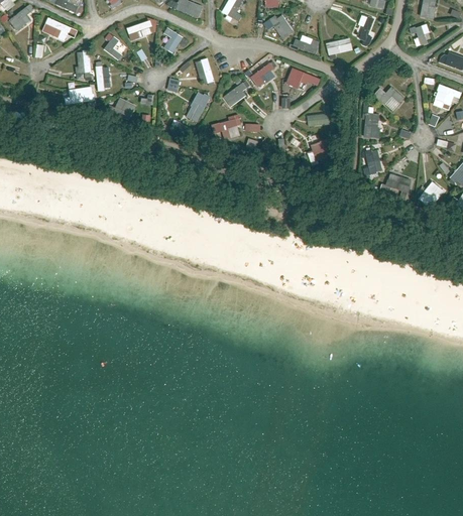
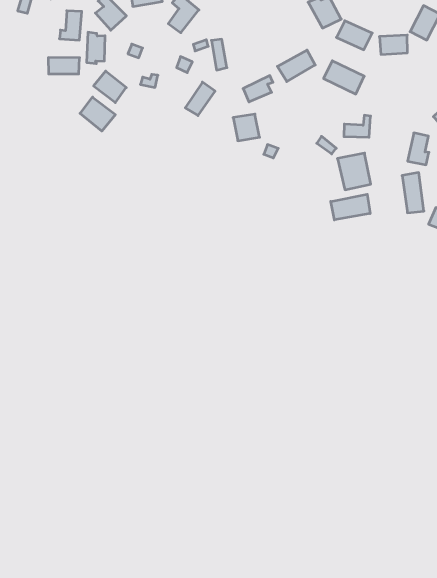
building: none -> [80,97,115,131]
building: none -> [331,194,370,220]

